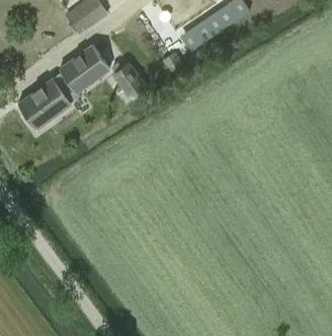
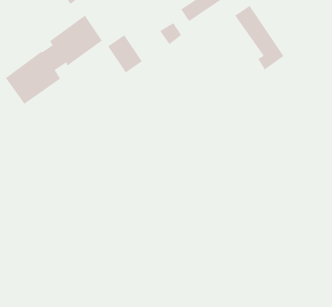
building: none -> [234,5,285,70]

